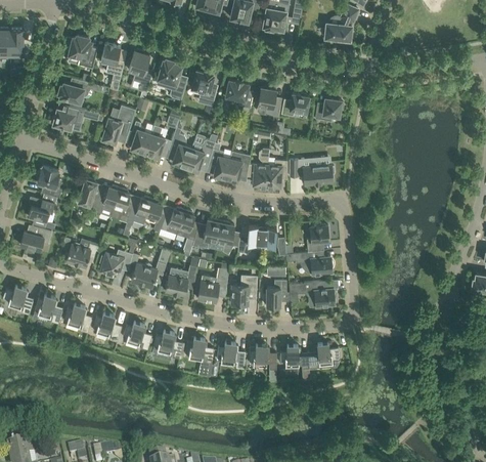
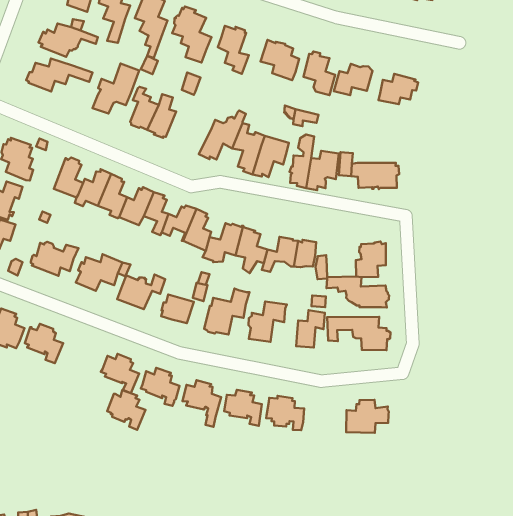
building: [169,126,192,168] -> none
building: [93,312,122,341] -> [107,390,146,430]
building: [280,345,309,369] -> none

